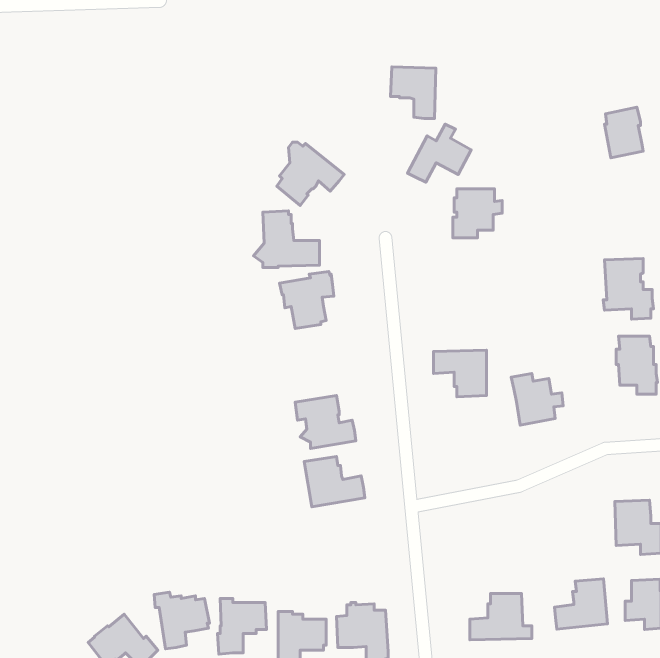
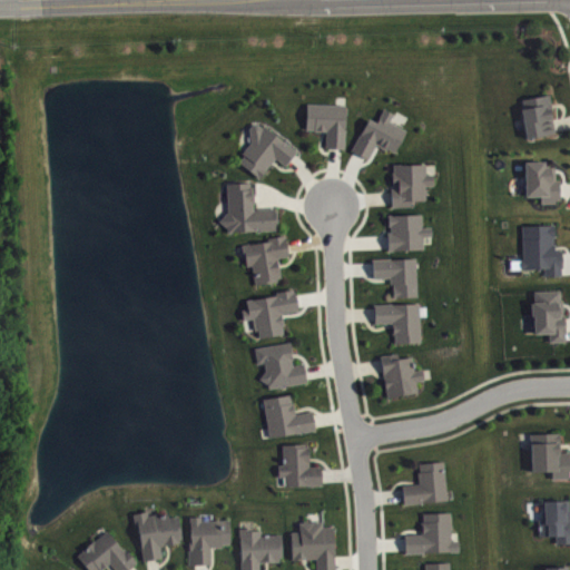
building: [390,67,436,119] -> [306,105,345,149]
building: none -> [524,161,560,204]
building: none -> [387,215,432,250]
building: none -> [373,258,417,297]
building: none -> [242,291,298,338]
building: [511,373,563,425] -> [380,353,424,397]
building: none -> [278,444,322,487]
building: [554,579,607,629] -> [402,462,448,505]

